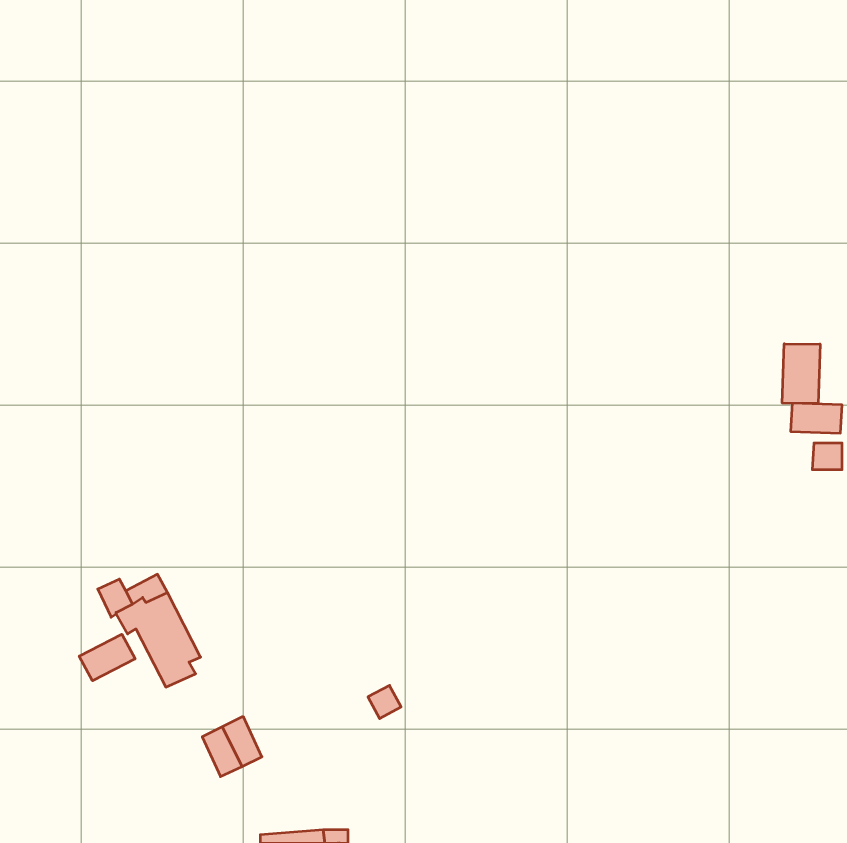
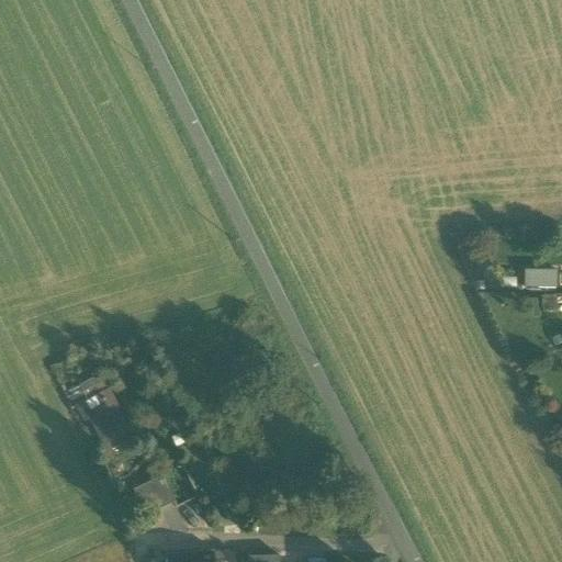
building: [782,344,820,403] -> none
building: [79,634,135,681] -> none

